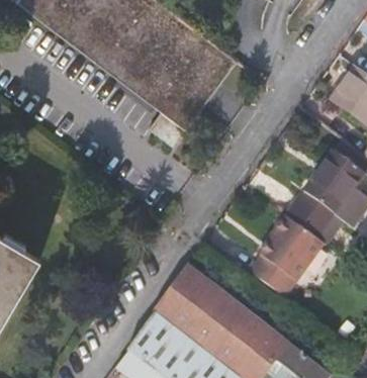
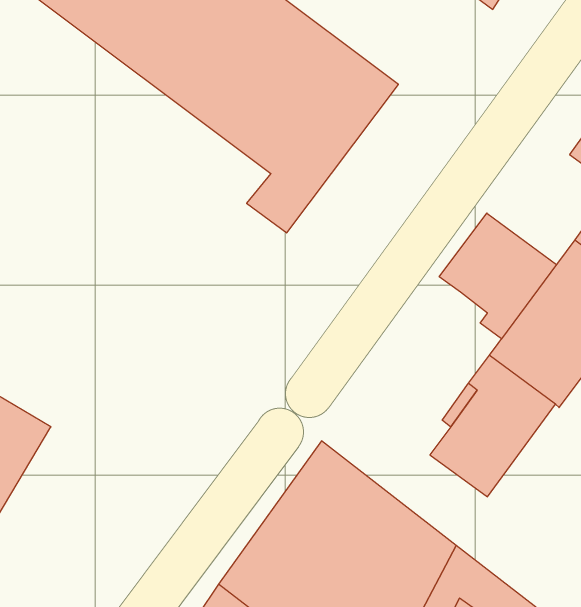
building: none -> [439,213,556,339]

